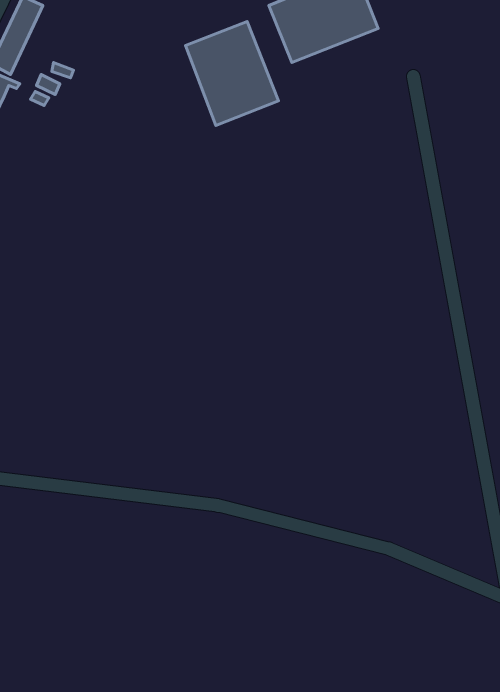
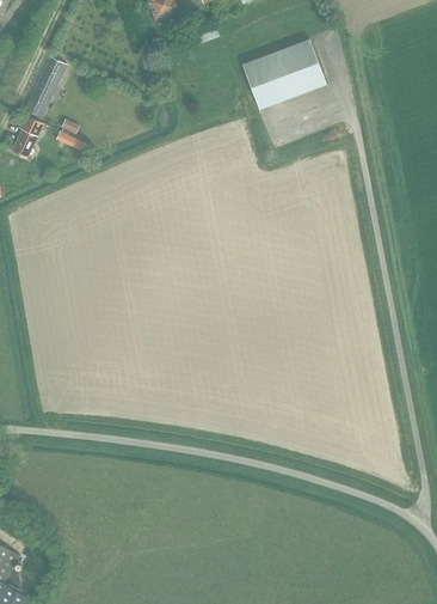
building: [186,22,279,126] -> none

